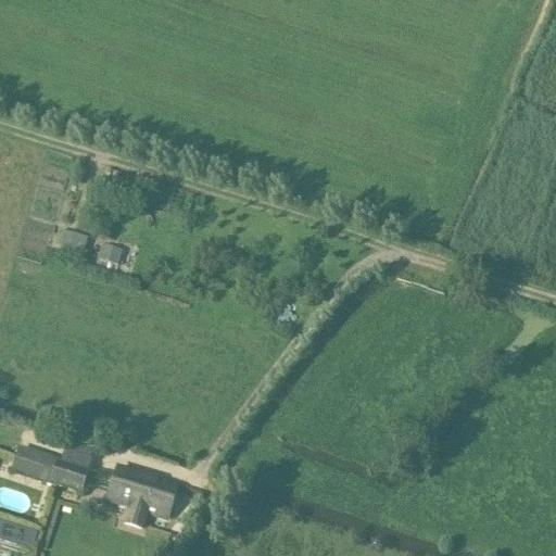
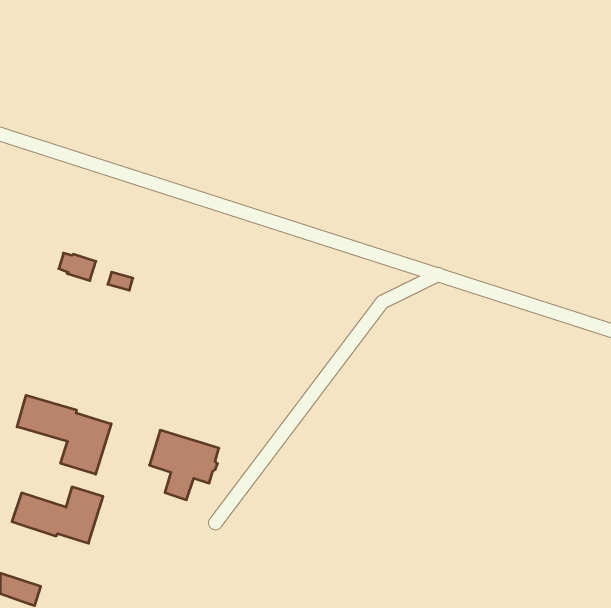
building: none -> [17,395,111,474]
building: [109,466,172,529] -> [149,430,219,500]

